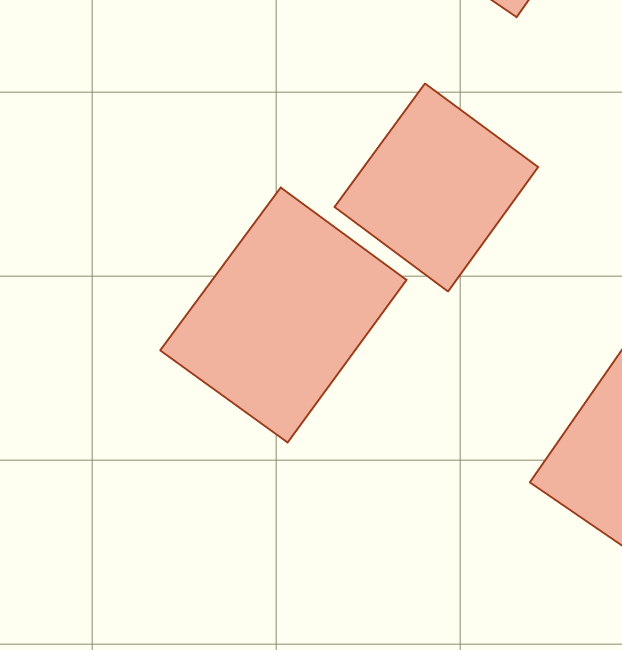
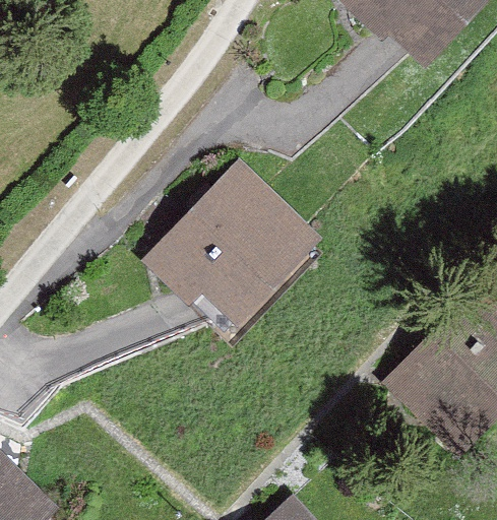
building: [334,84,538,291] -> none

